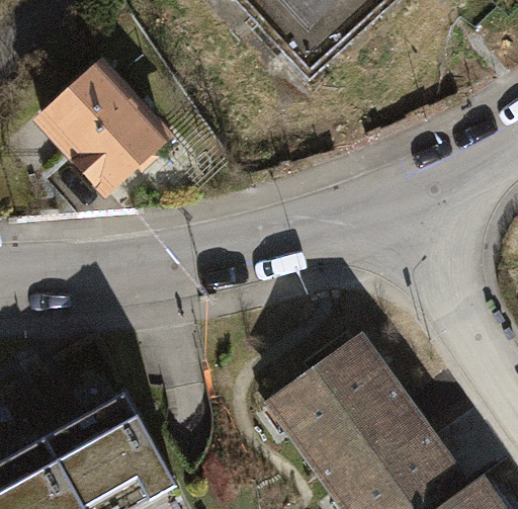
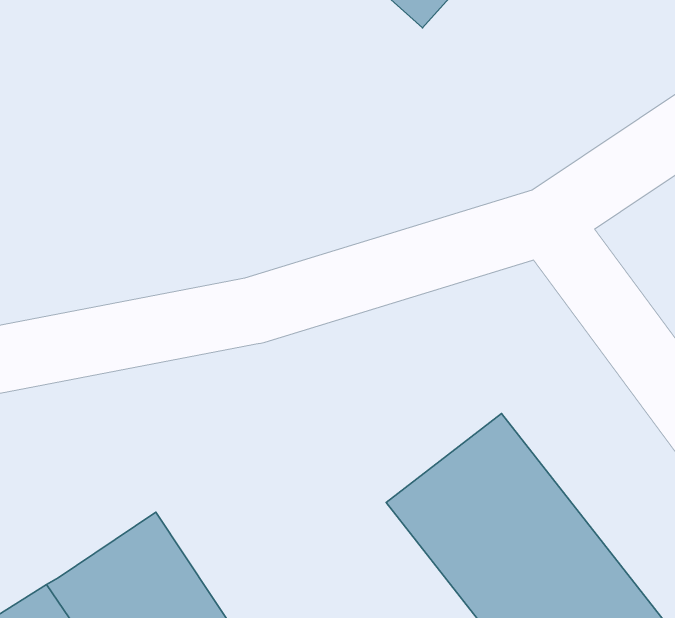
building: [38,59,171,191] -> none

